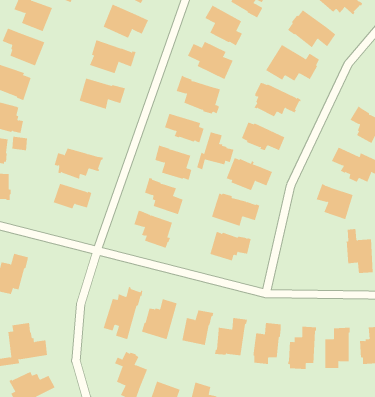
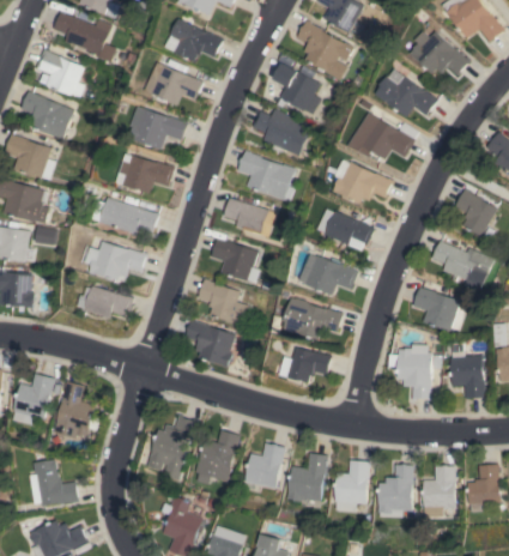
building: none -> [99,198,158,234]
building: [197,132,234,170] -> none
building: none -> [398,348,430,399]
building: none -> [53,380,95,439]

